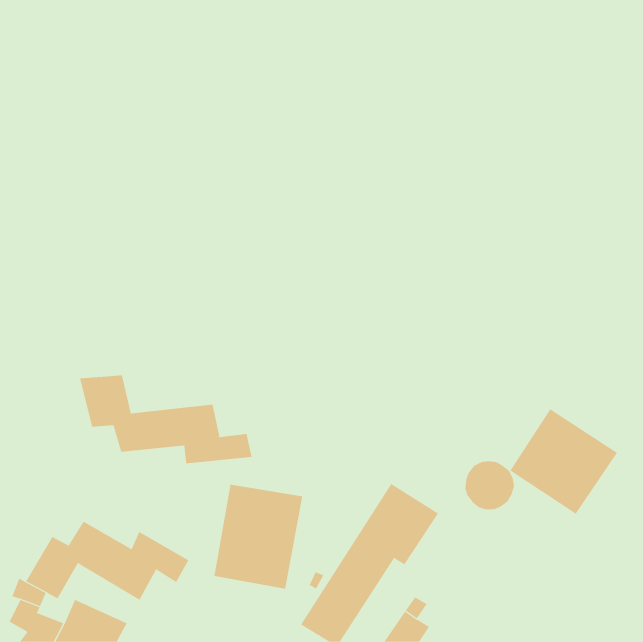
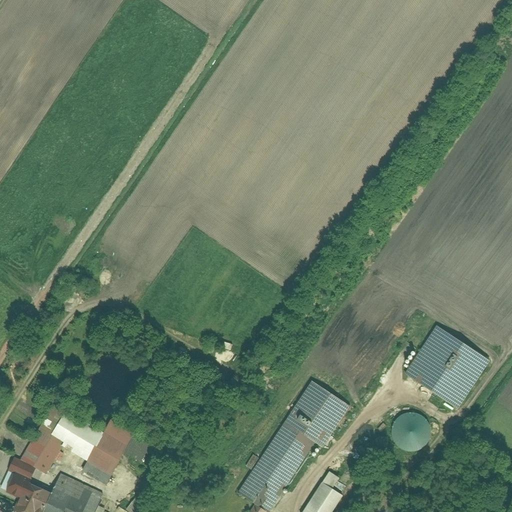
building: [79,374,252,464] -> none
building: [464,461,515,510] -> [391,411,431,450]
building: [214,484,303,590] -> none

